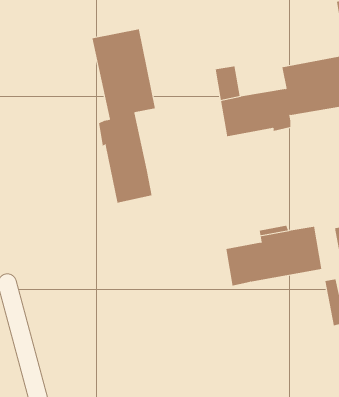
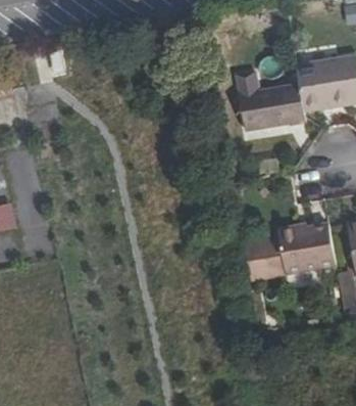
building: [92,29,156,204] -> none

